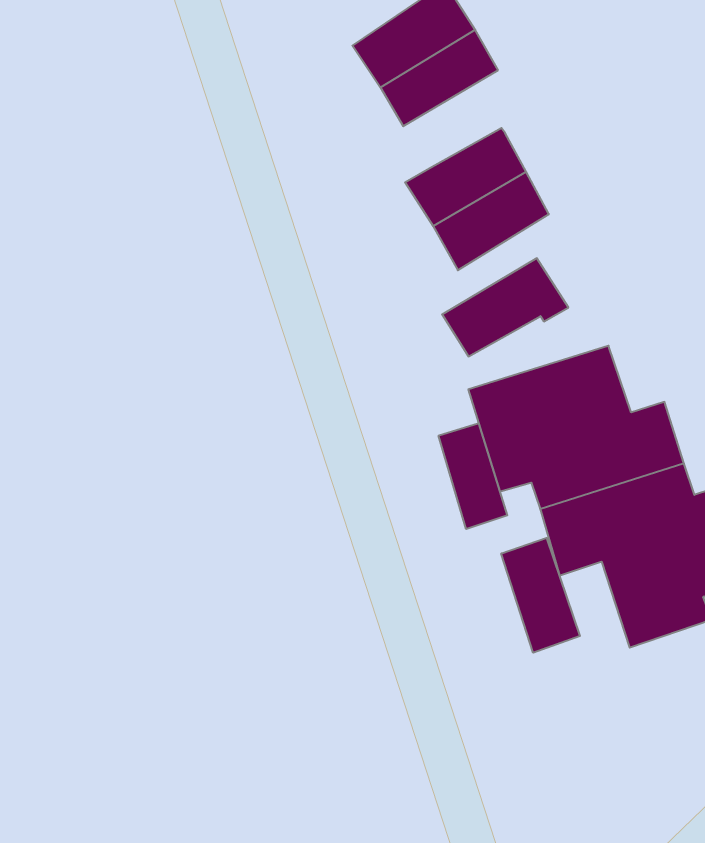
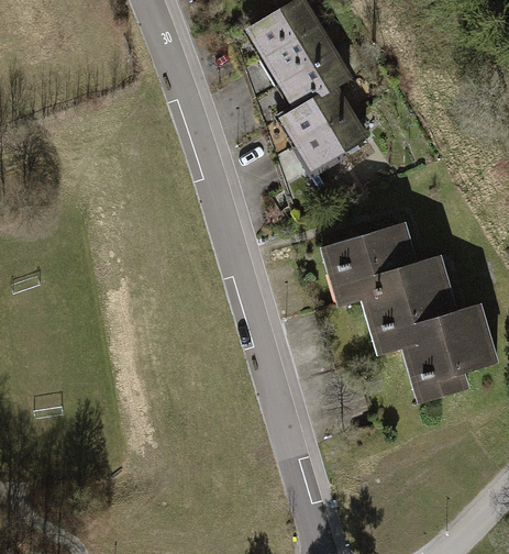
building: [442,258,568,356] -> [277,45,356,107]
building: [439,423,507,529] -> none
building: [501,538,580,653] -> none

